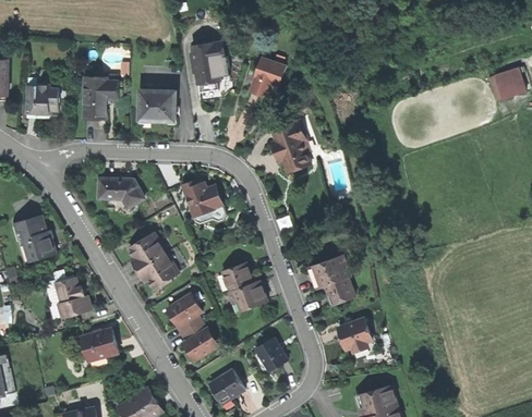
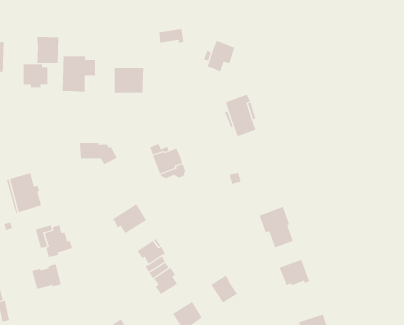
building: none -> [37,36,59,64]
building: [194,57,219,83] -> none
building: [128,232,167,270] -> none
building: [222,262,266,311] -> none
building: [82,328,118,360] -> [32,264,62,291]

